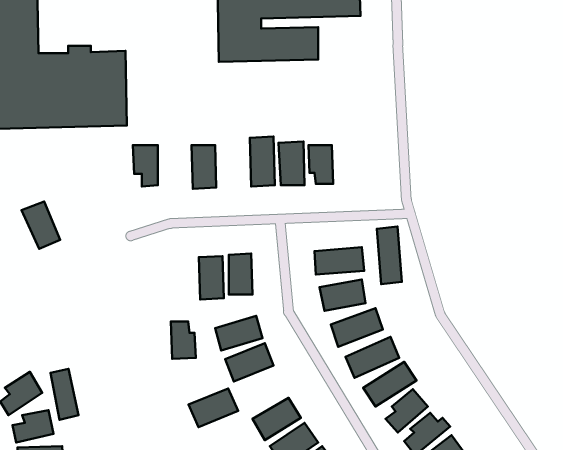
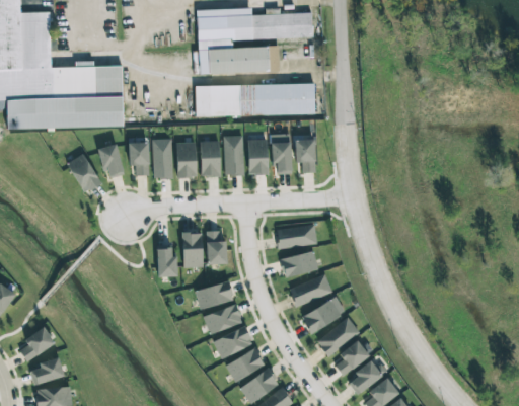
building: none -> [196,83,315,116]
building: none -> [153,139,173,178]
building: none -> [295,139,316,172]
building: none -> [201,141,221,176]
building: none -> [98,144,125,178]
building: [22,201,60,249] -> [68,154,99,192]
building: [377,227,402,284] -> none
building: [171,322,196,359] -> [157,246,177,276]
building: [50,369,79,420] -> none
building: [188,388,238,427] -> [213,326,253,357]

